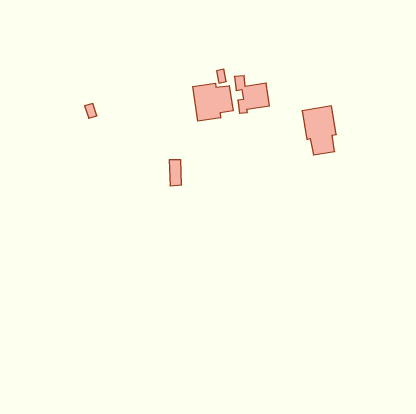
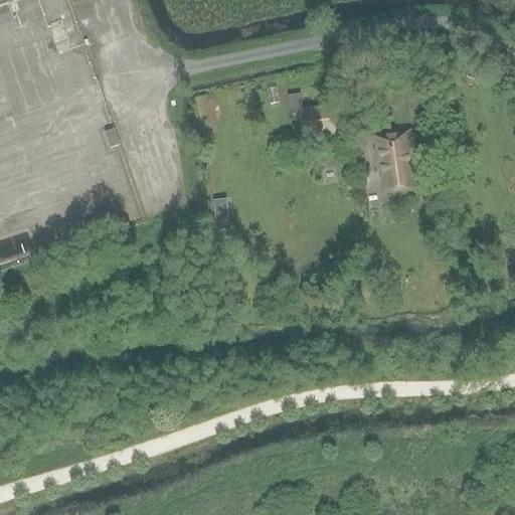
building: [193,83,233,121] -> none

